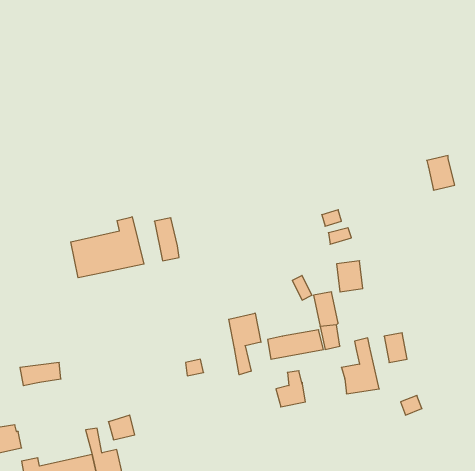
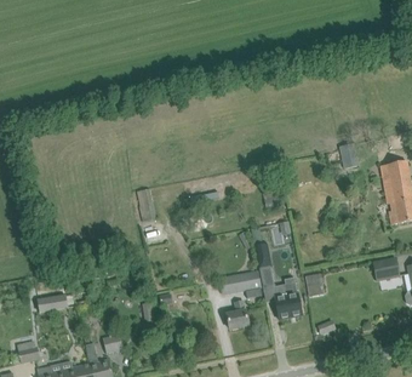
building: [71,217,144,278] -> none
building: [229,313,261,375] -> none

